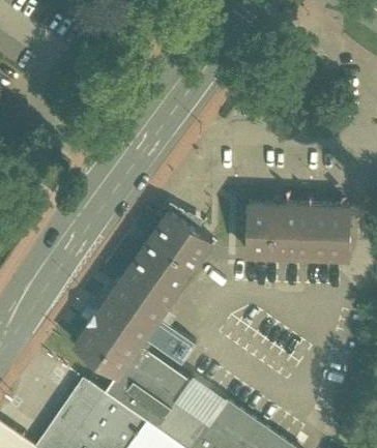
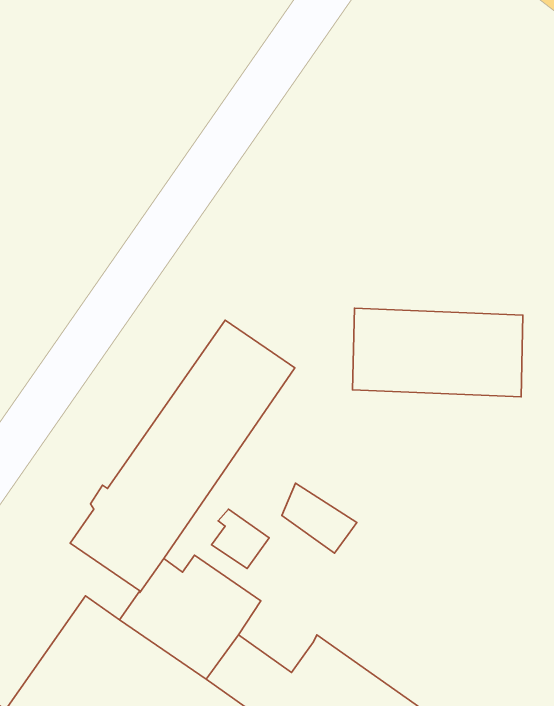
building: [177,383,223,425] -> [282,483,357,553]

